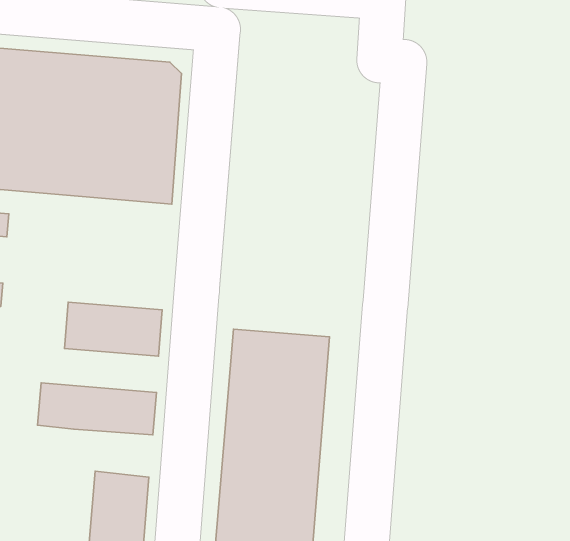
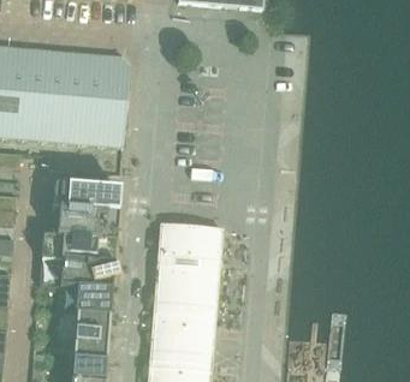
building: none -> [53,183,120,211]
building: none -> [42,234,115,263]
building: none -> [60,286,112,316]

